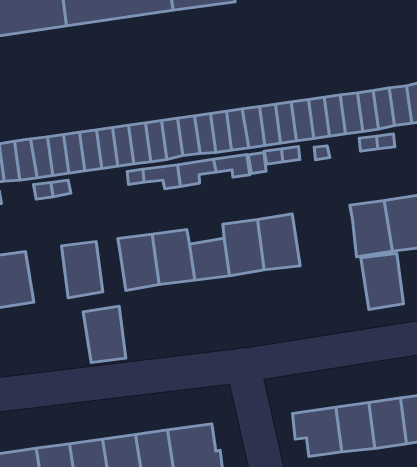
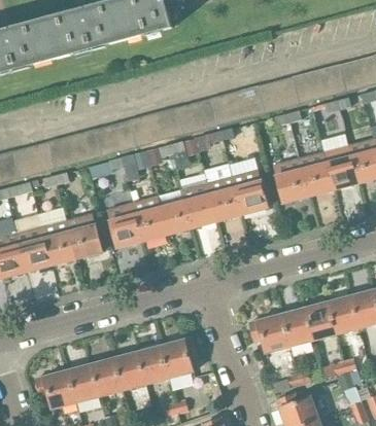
building: [361,253,403,310] -> [232,171,267,214]
building: [83,306,126,362] -> [41,220,76,263]

